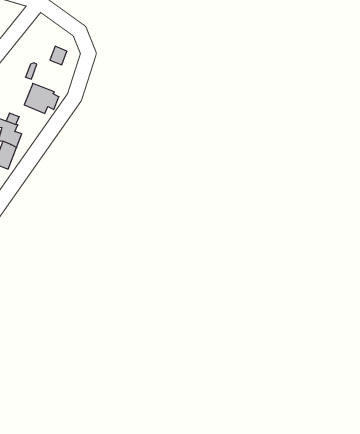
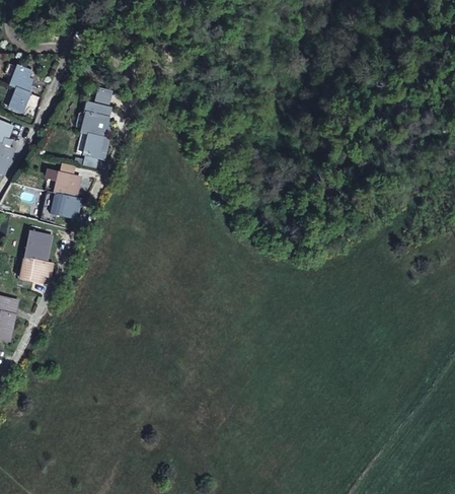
building: none -> [82,111,108,136]

